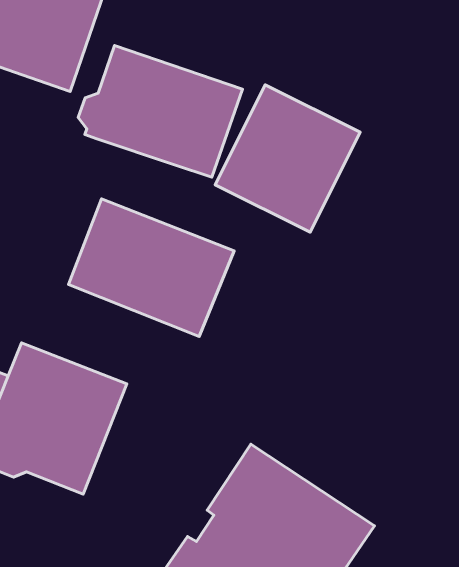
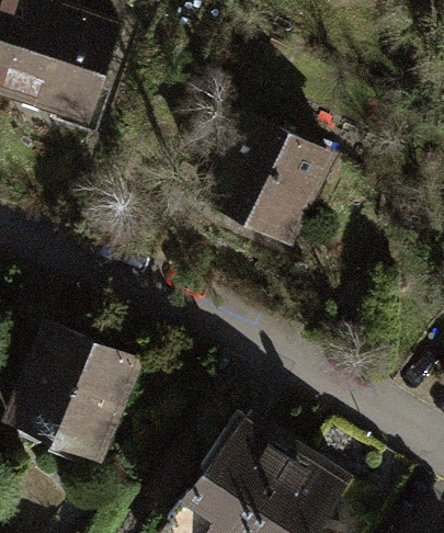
building: [78,46,243,177] -> none
building: [68,199,234,336] -> none

